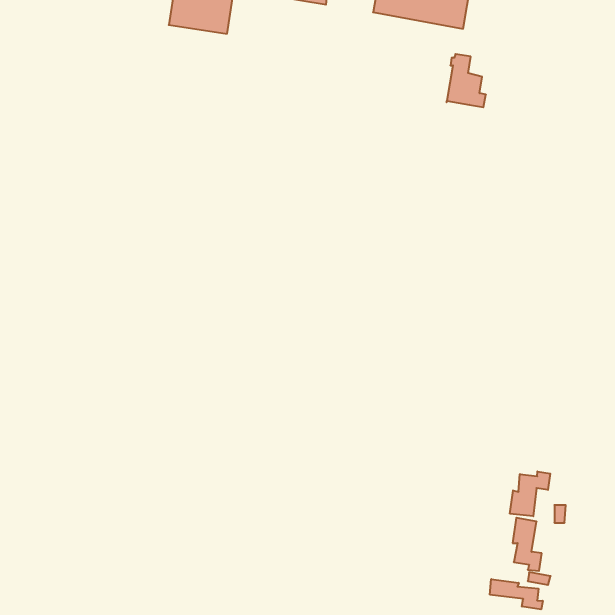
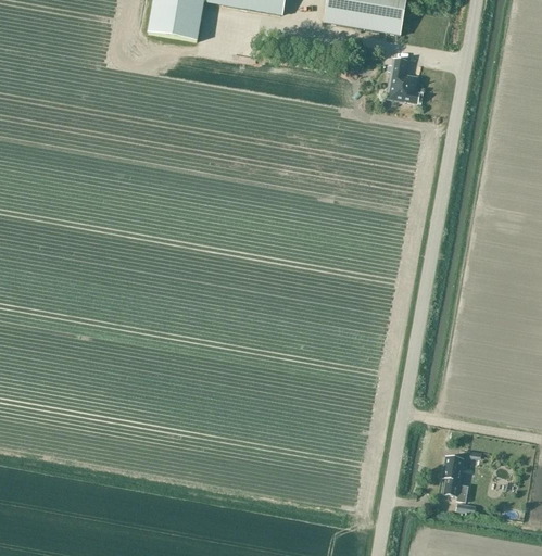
building: [510,471,550,516] -> none
building: [490,579,543,609] -> none

